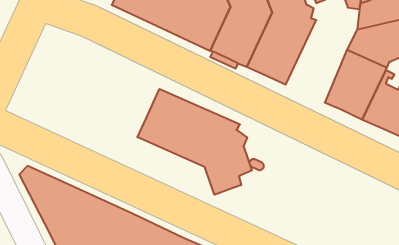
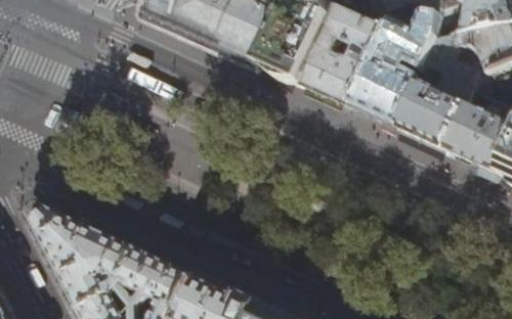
building: none -> [352,15,441,130]
building: [137,89,252,195] -> none

